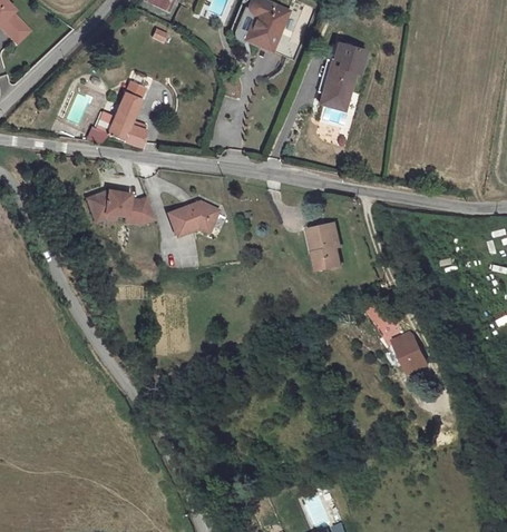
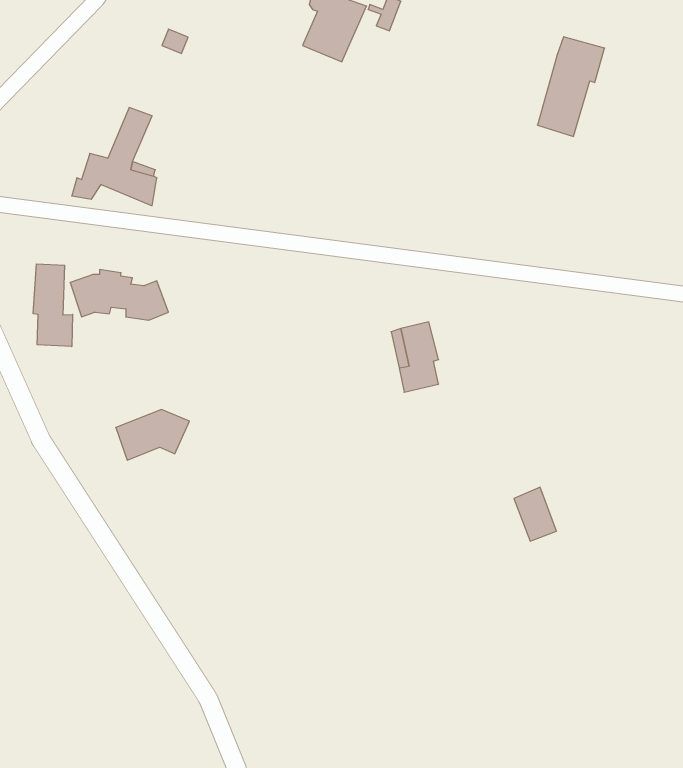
building: [322,41,368,109] -> [537,37,605,136]
building: none -> [33,264,73,347]
building: [168,201,218,236] -> [116,410,189,460]

